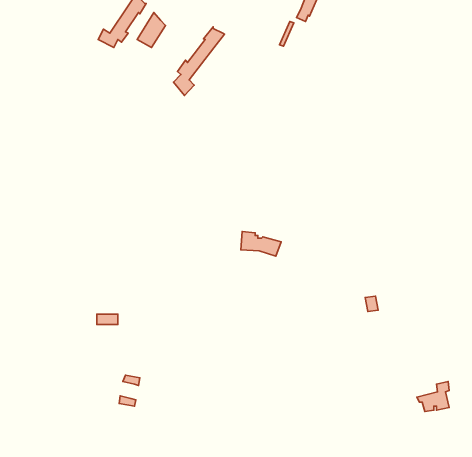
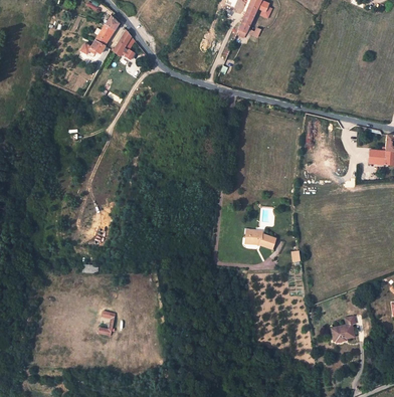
building: [174,27,224,95] -> none
building: [241,232,281,256] -> [245,230,276,249]

